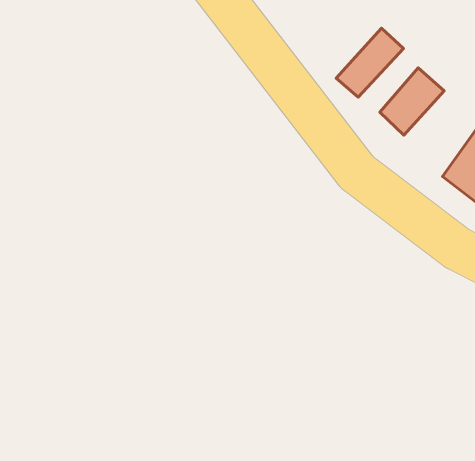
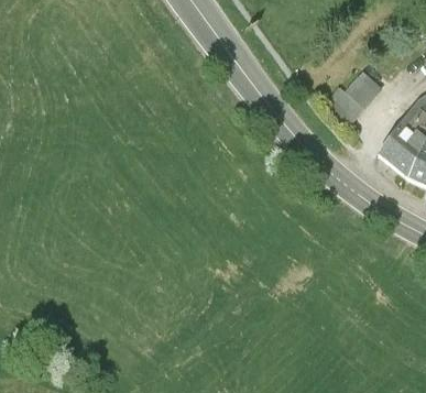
building: [336,28,403,97] -> none

